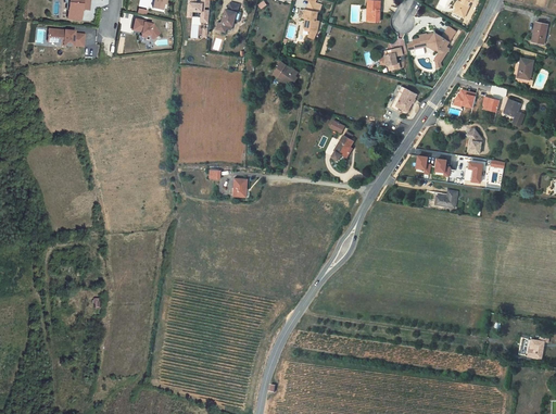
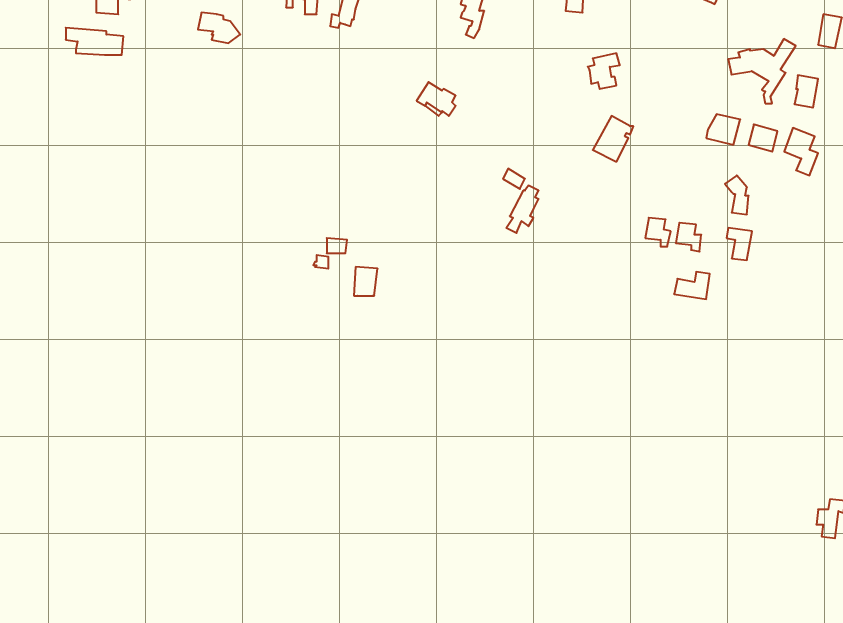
building: [413,25,456,66] -> [728,39,796,103]

